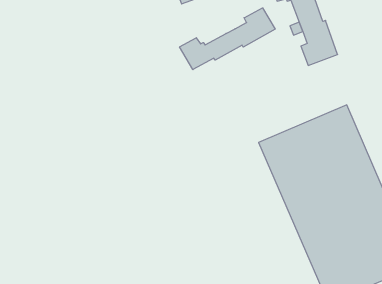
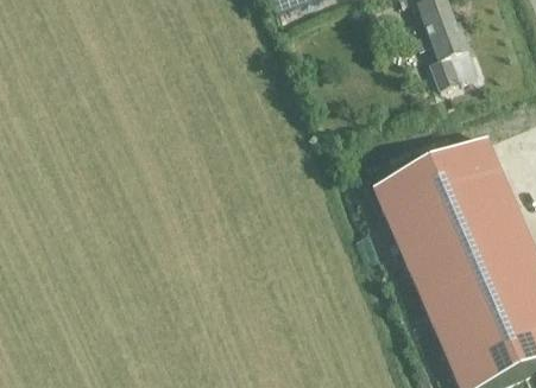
building: [180,8,275,70] -> none

